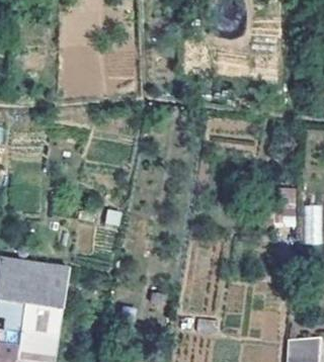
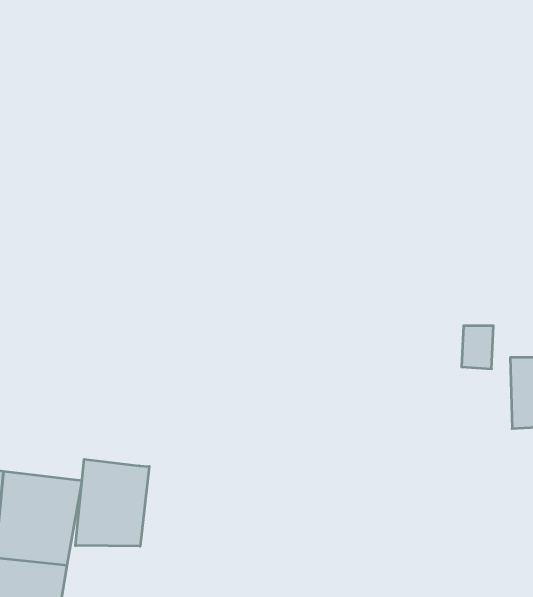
building: none -> [75,459,149,546]

